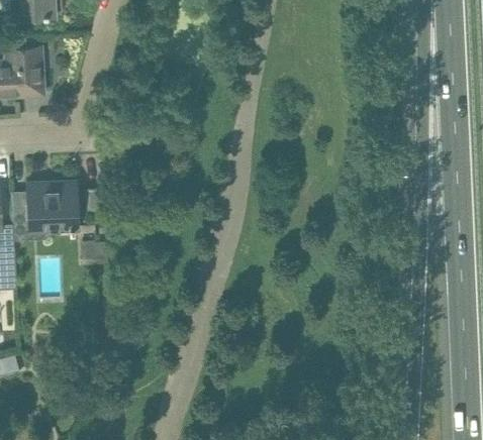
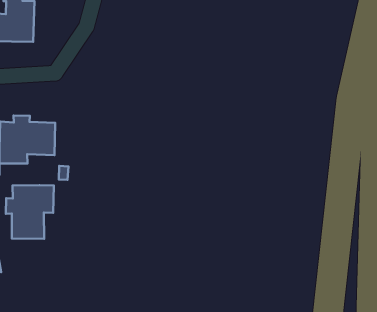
building: none -> [6,185,54,239]

